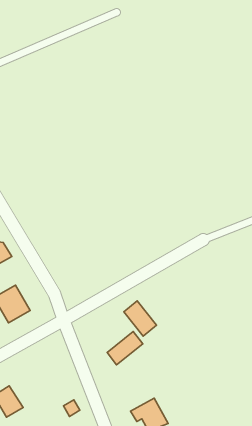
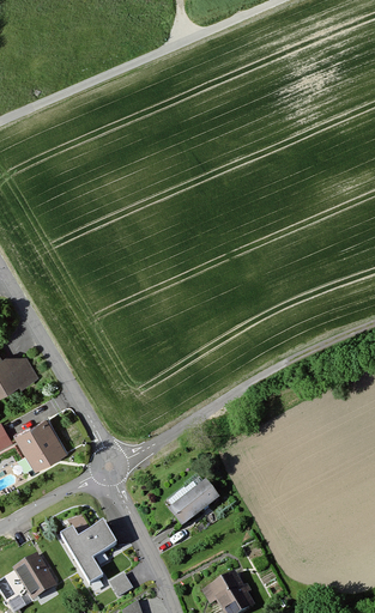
building: [124,301,157,336] -> none
building: none -> [62,523,116,582]

